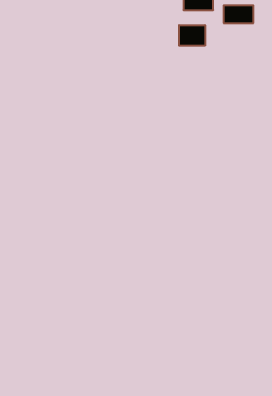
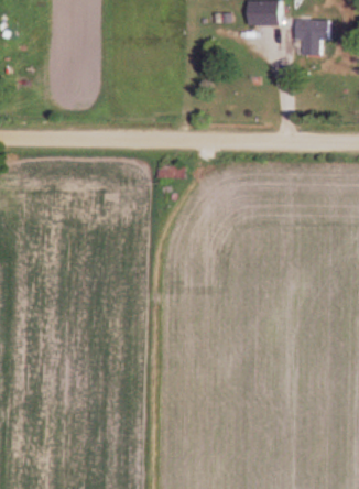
building: [179,25,205,46] -> none

